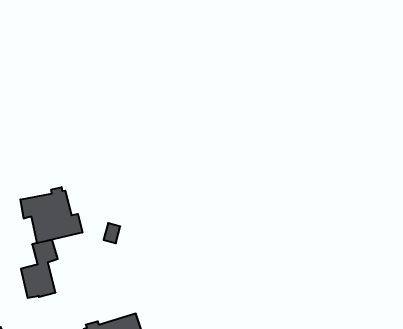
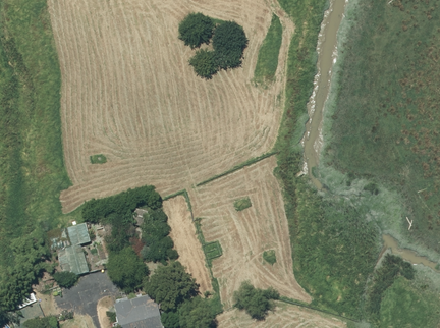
building: [20,187,82,243] -> none

